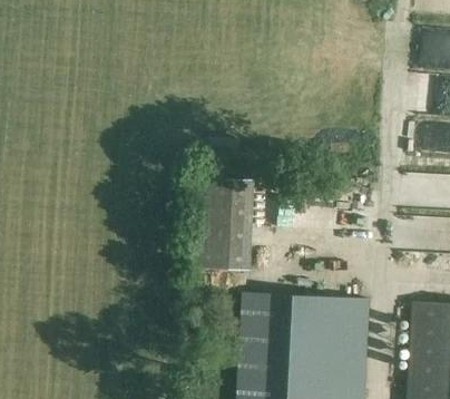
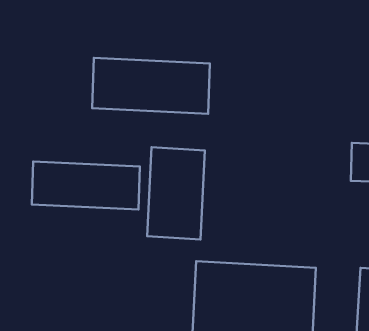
building: none -> [92,58,210,114]
building: none -> [32,161,140,210]

